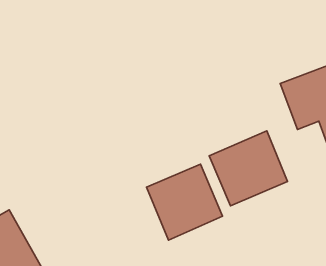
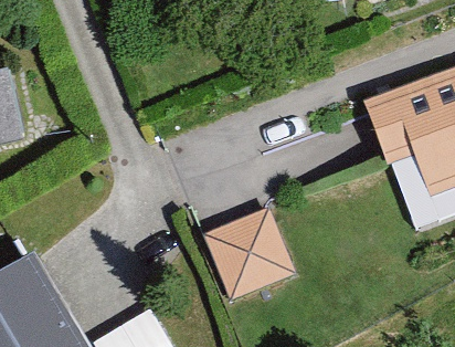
building: [209,131,287,206] -> none

